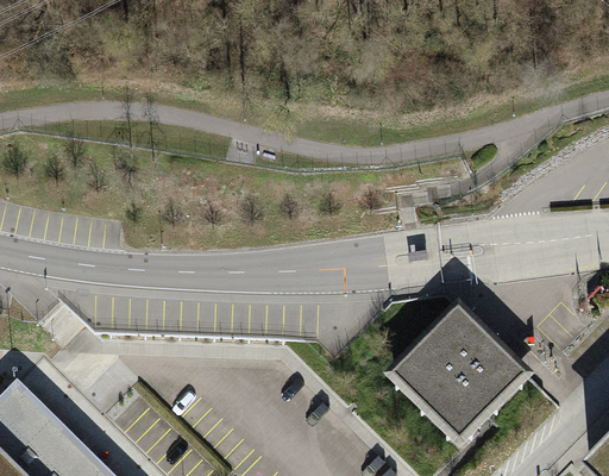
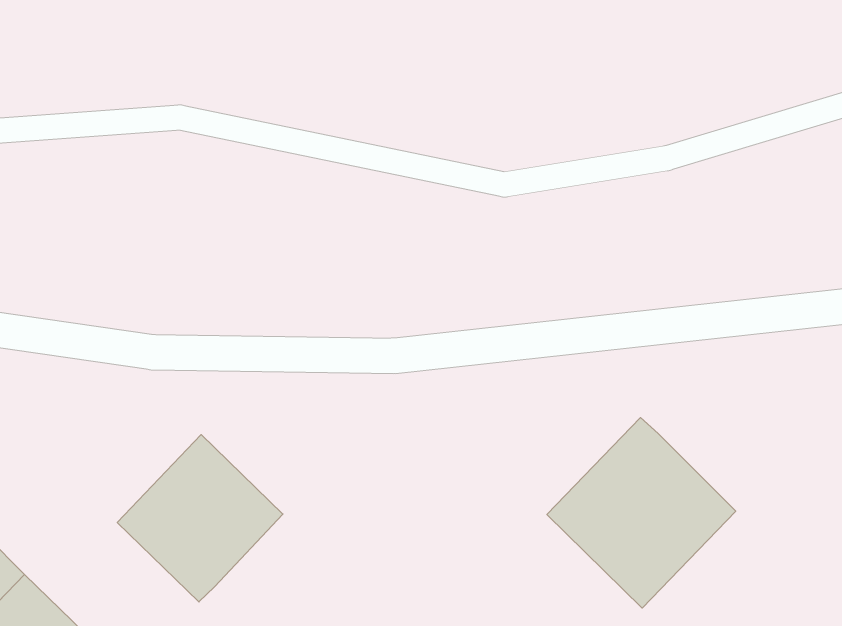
building: none -> [117,435,283,602]

